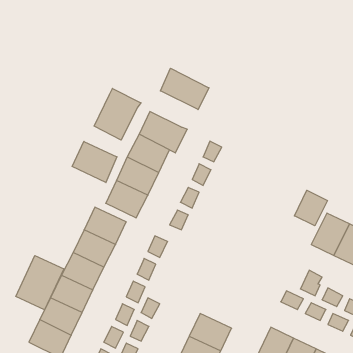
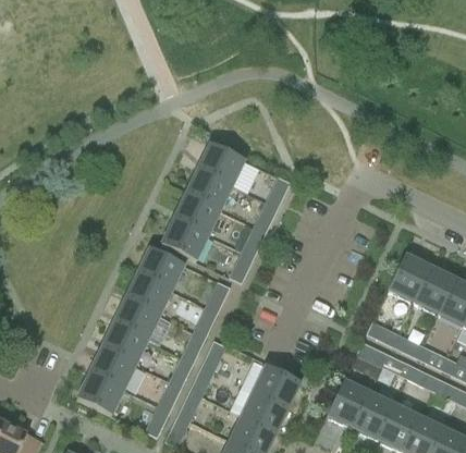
building: [160,68,209,110] -> none
building: [94,88,141,140] -> none
building: [72,141,117,183] -> none
building: [294,190,327,226] -> none
building: [16,256,64,310] -> none

